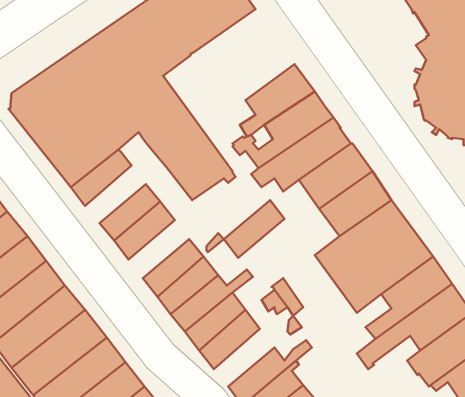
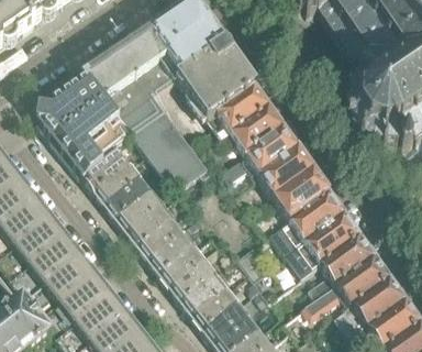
building: none -> [176,40,253,116]
building: none -> [93,158,140,202]
building: [224,200,284,258] -> [126,200,173,244]
building: none -> [191,283,237,327]

